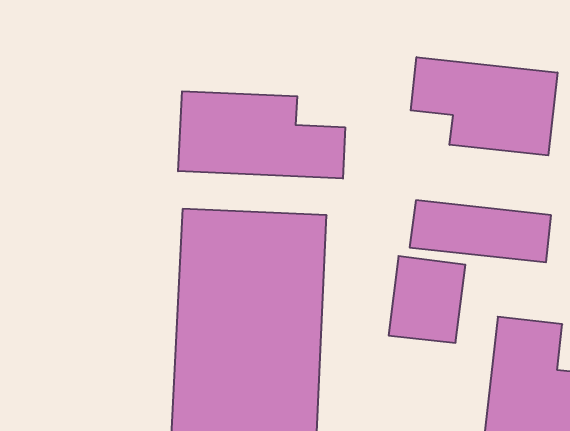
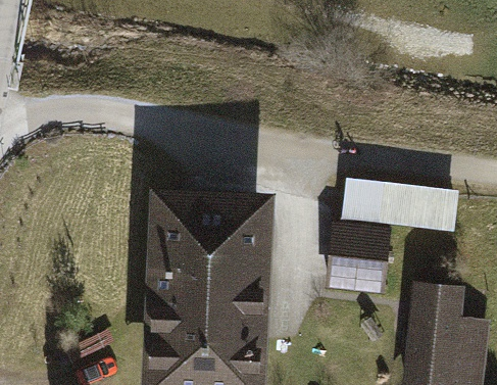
building: [411,57,557,155] -> none
building: [178,91,345,179] -> none

